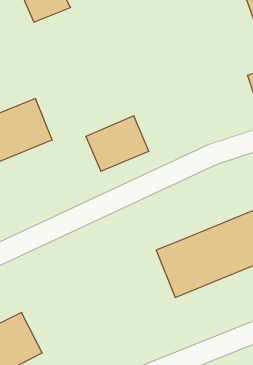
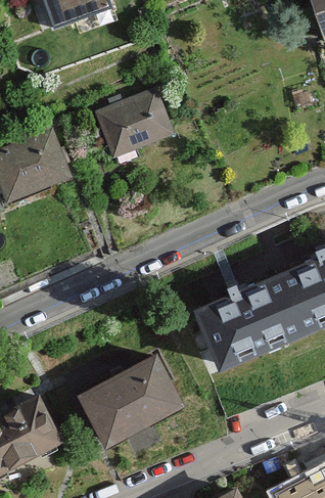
building: [86,116,149,171] -> [97,90,175,159]
building: none -> [78,359,182,447]

